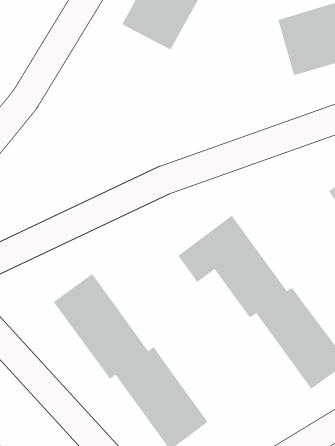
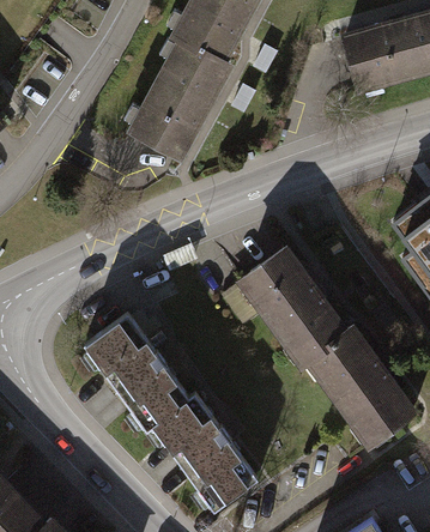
building: none -> [125,44,228,162]

